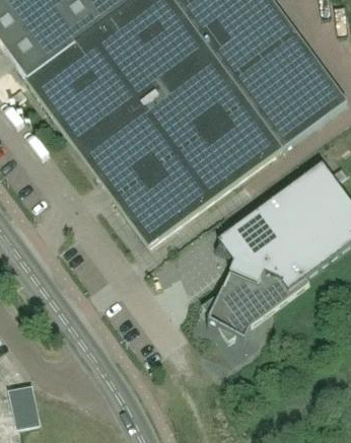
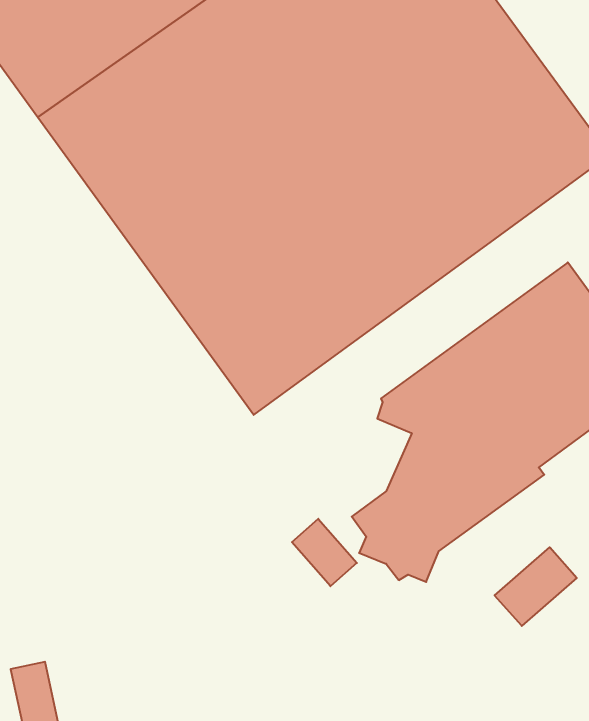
building: none -> [292,519,357,586]
building: none -> [495,547,577,626]

